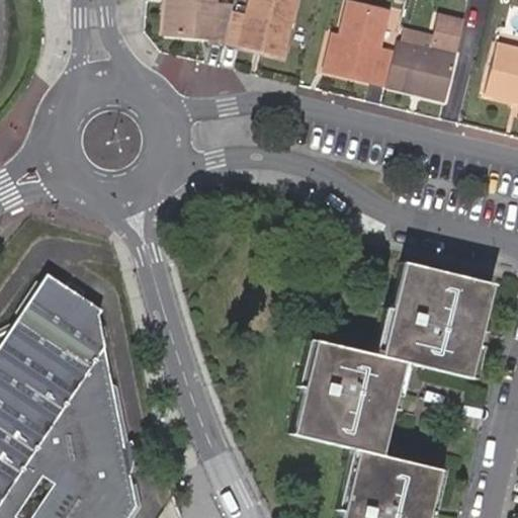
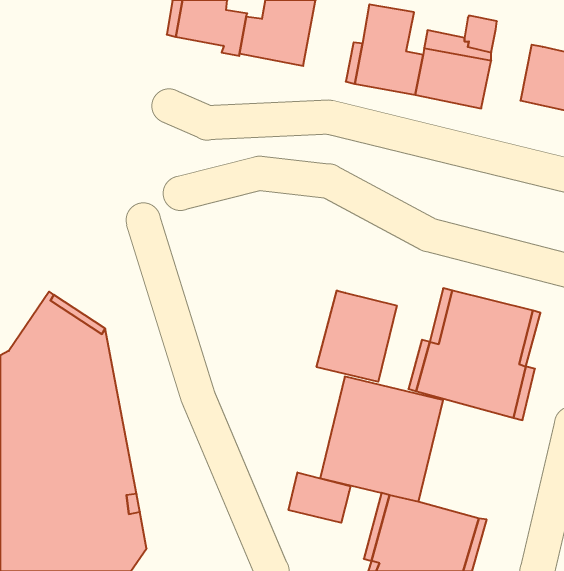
building: none -> [317,290,397,382]
building: none -> [289,472,351,523]

